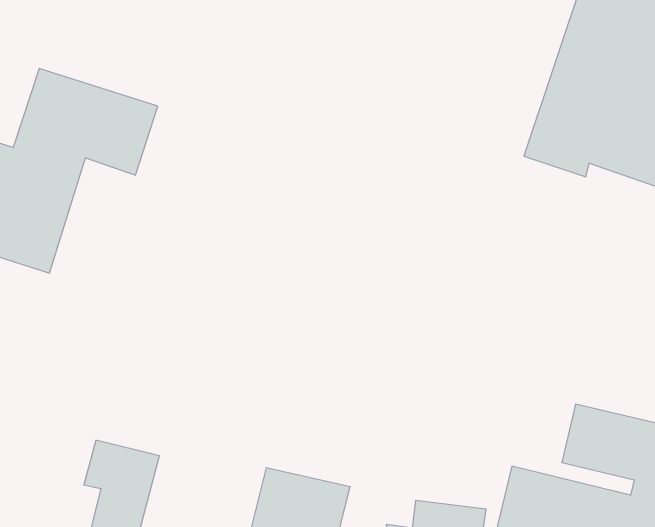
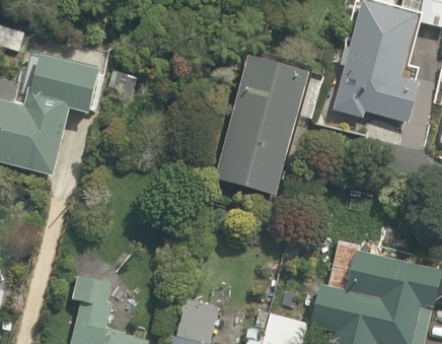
building: none -> [212,58,313,199]

